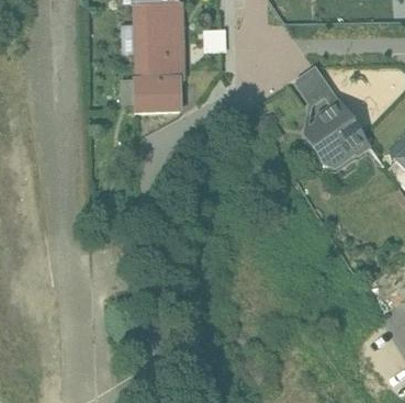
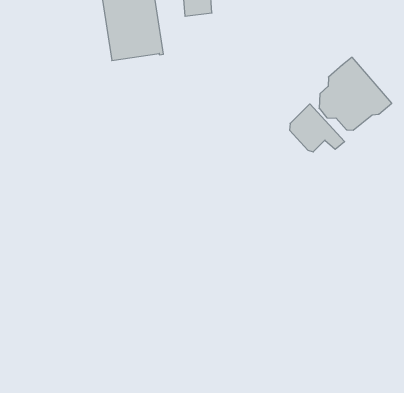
building: [295,67,340,108] -> [290,104,345,152]
building: [135,79,180,111] -> none

